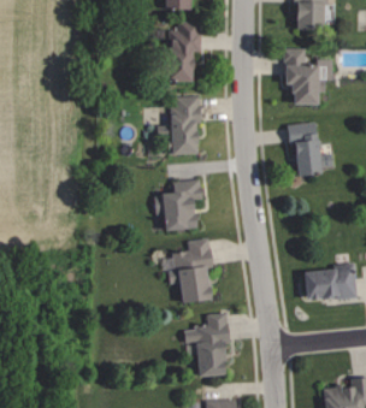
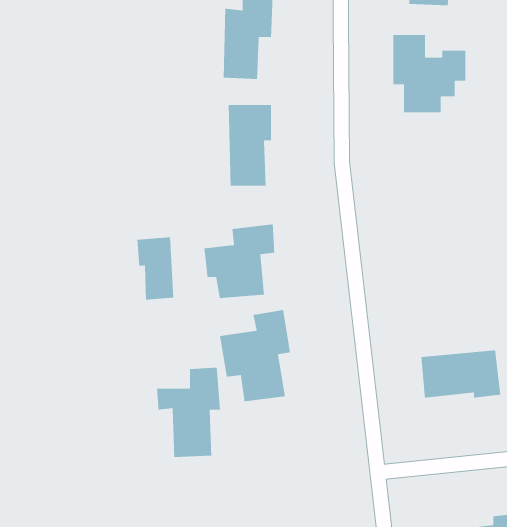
building: [290,122,335,172] -> none
building: none -> [136,236,174,300]
building: [185,313,230,376] -> [156,367,221,458]

